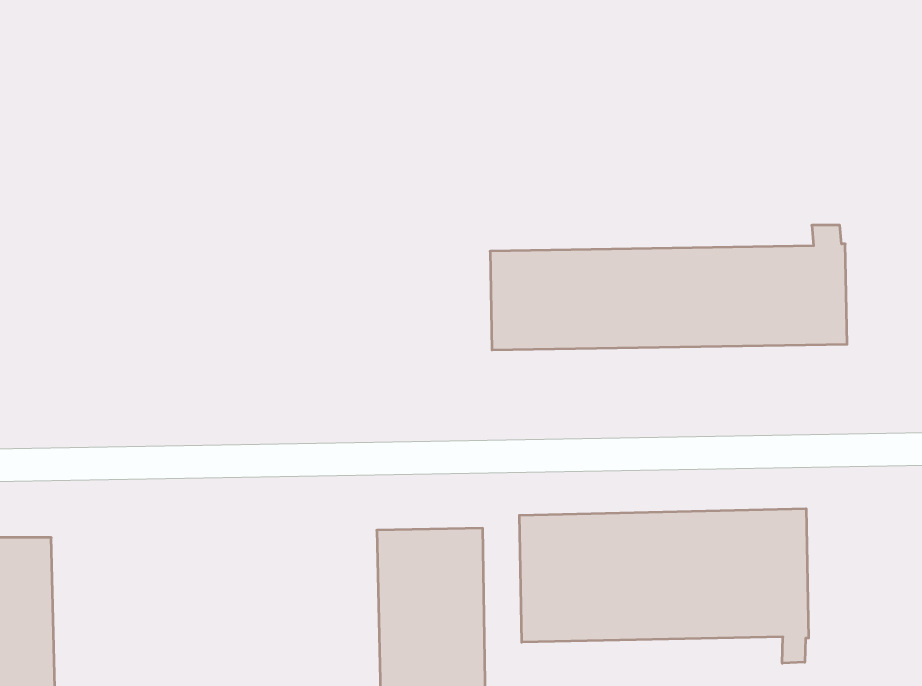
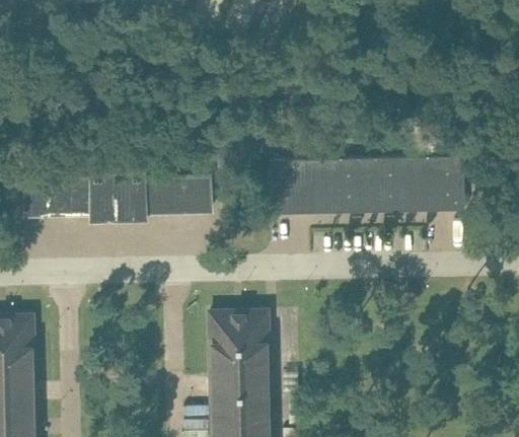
building: none -> [24,171,213,221]
building: [519,509,809,663] -> none

